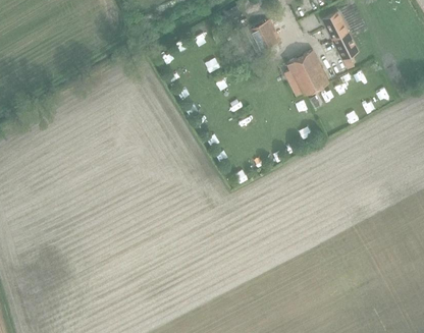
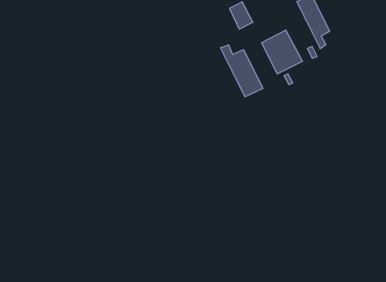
building: none -> [221,45,263,97]

